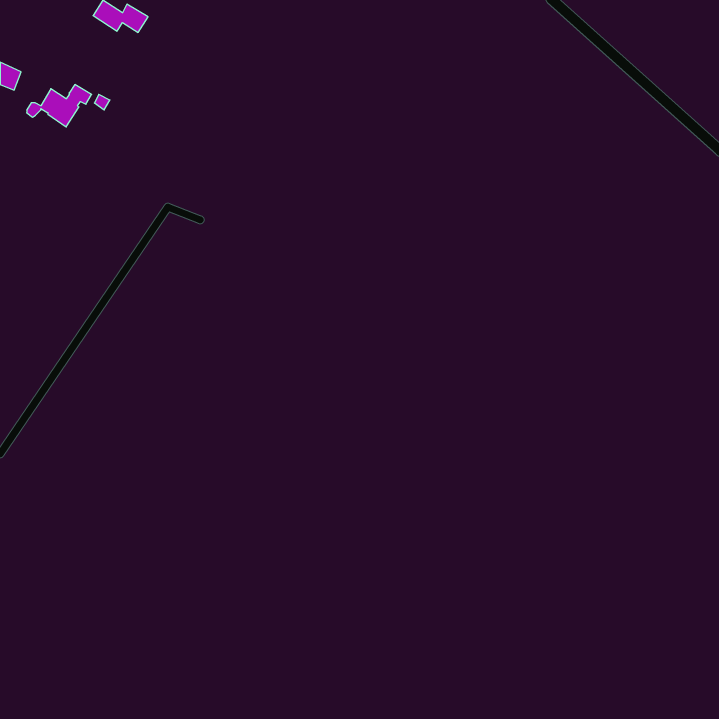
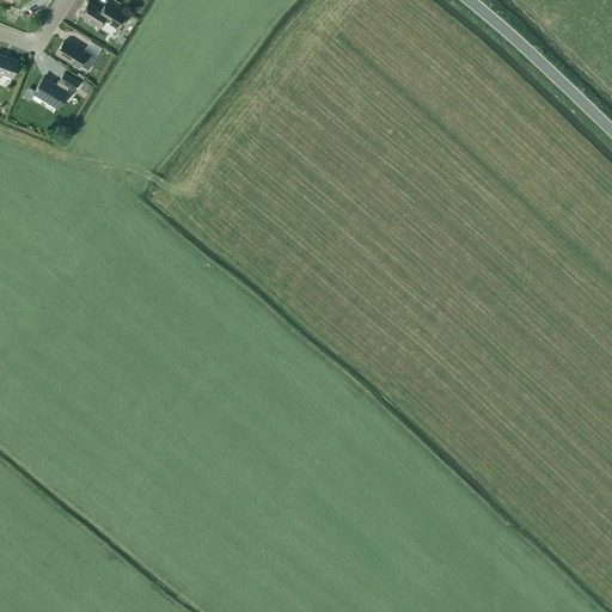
building: none -> [56,39,98,69]

